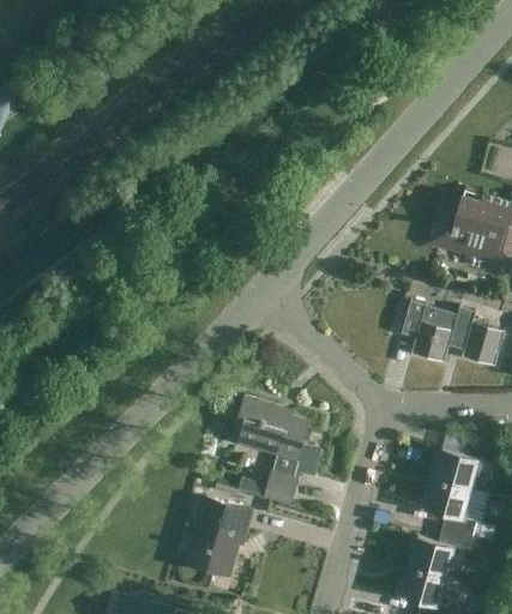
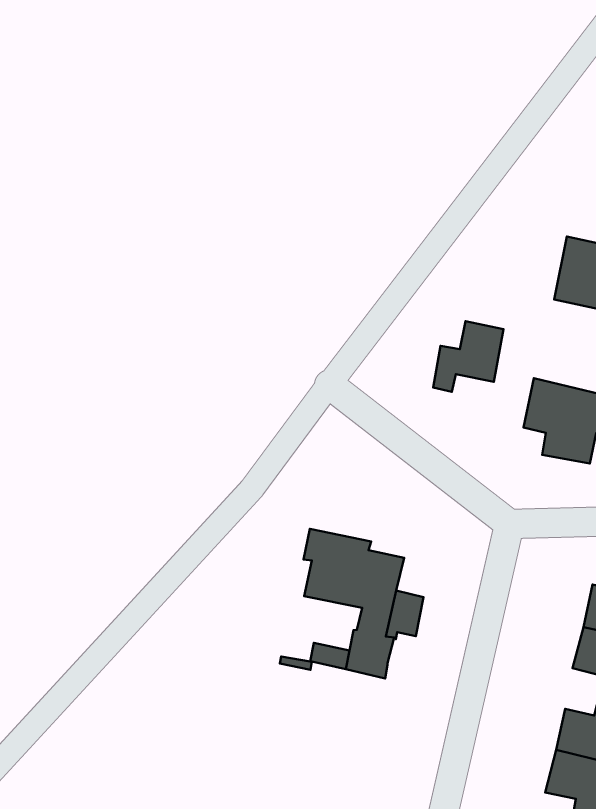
building: none -> [433,321,504,392]
building: [186,496,252,576] -> none

